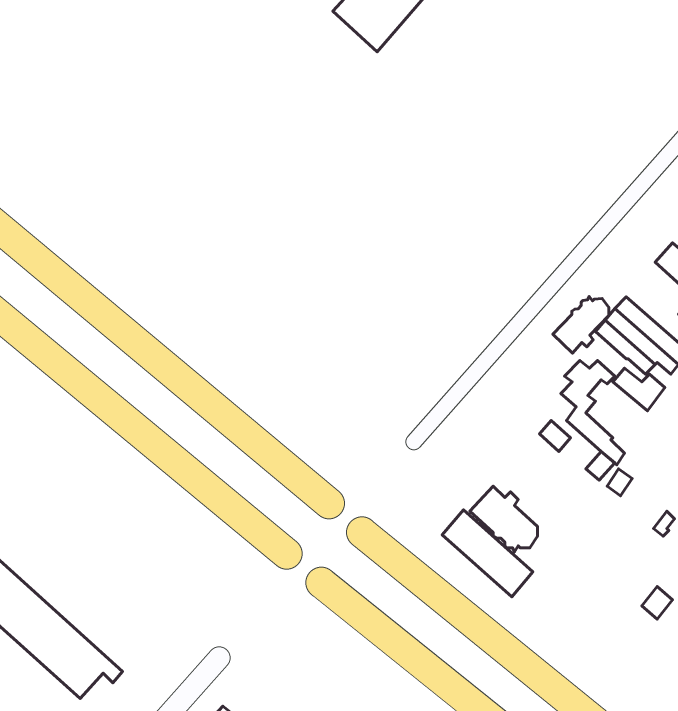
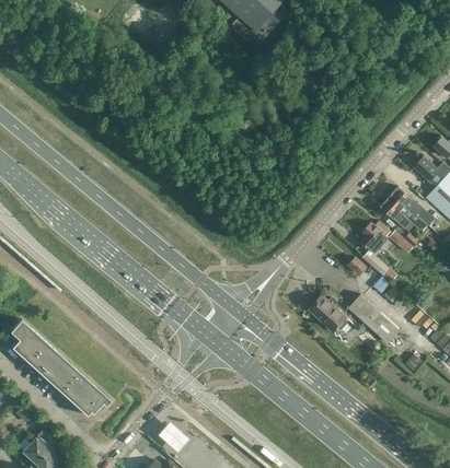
building: [553,296,609,353] -> none
building: [442,510,533,597] -> [348,293,400,342]

